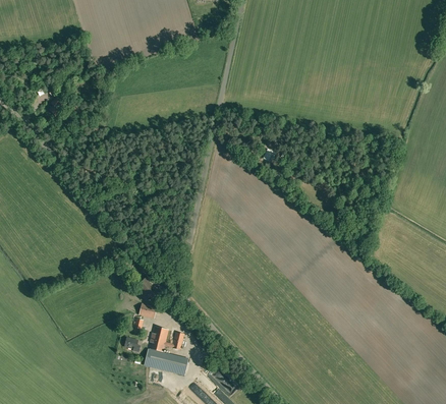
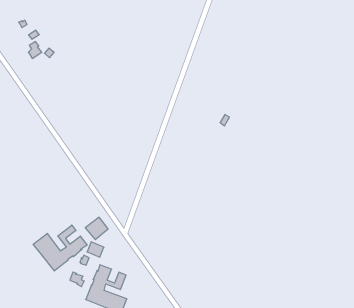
building: none -> [33,225,87,271]

